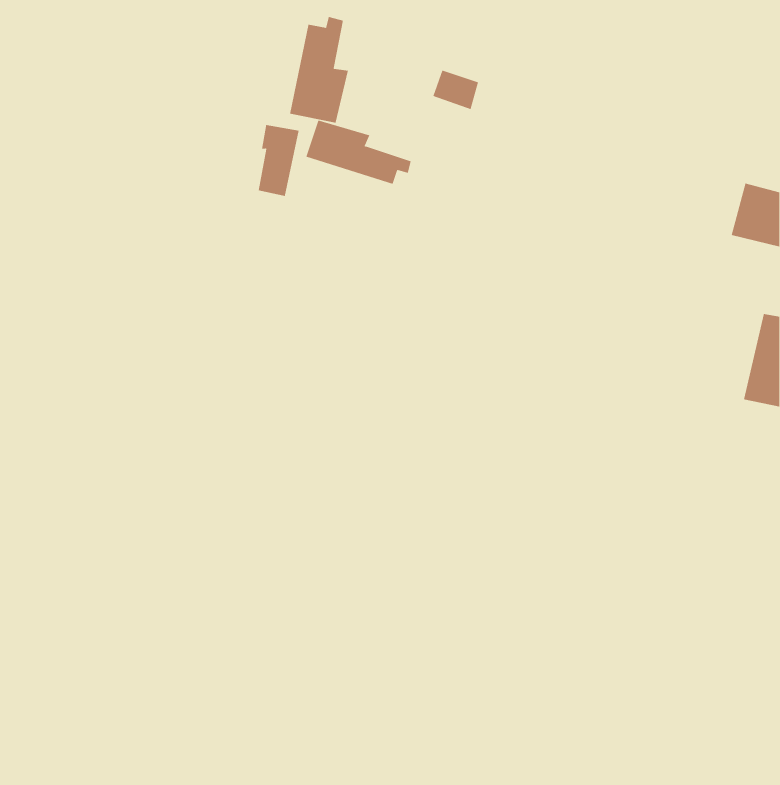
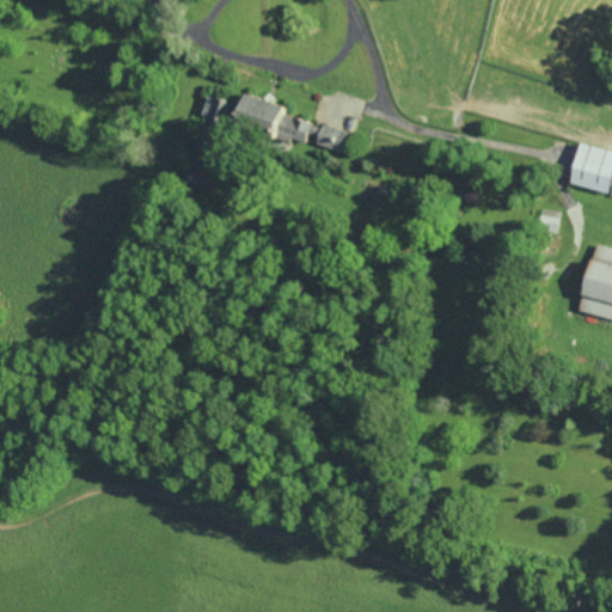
building: [289,16,348,123] -> none
building: [433,70,479,110] -> [317,123,353,154]

